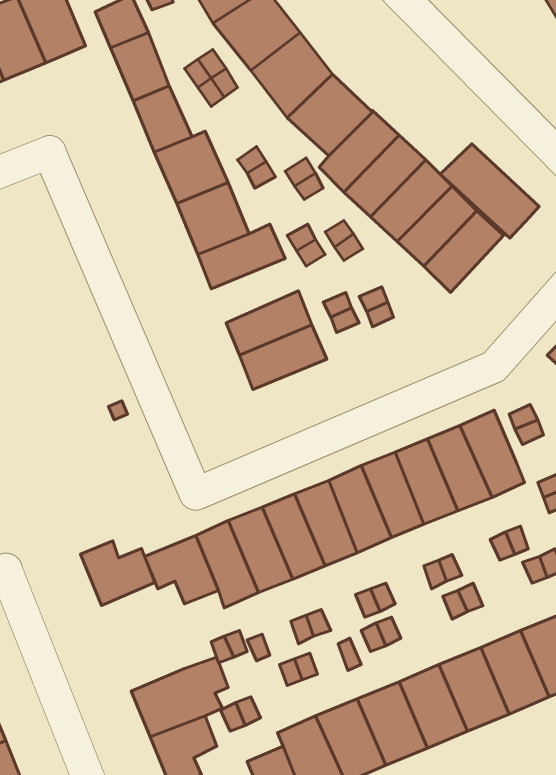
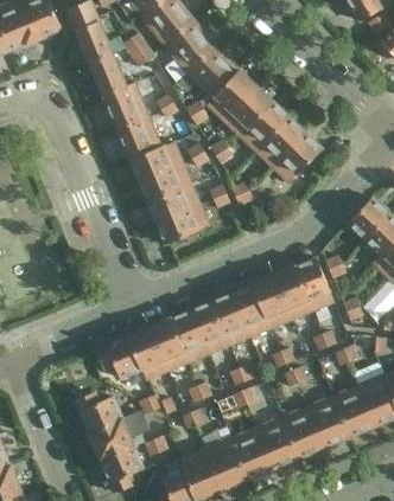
building: [440,144,539,238] -> none
building: none -> [138,162,192,203]
building: [81,541,155,605] -> [75,392,121,432]

